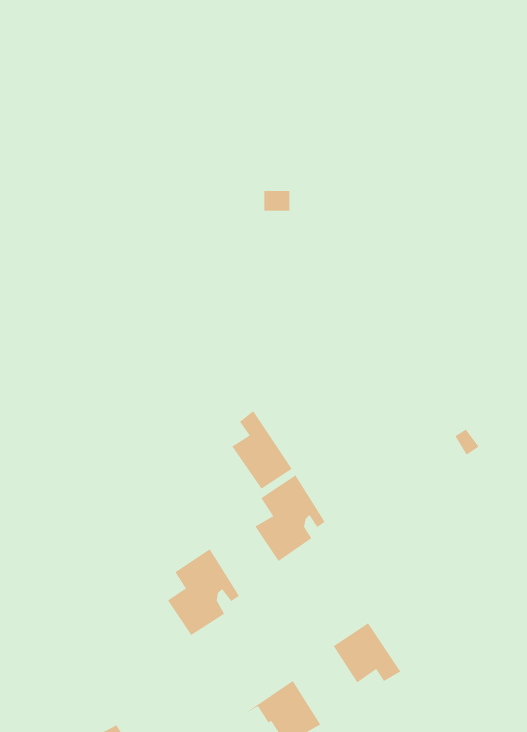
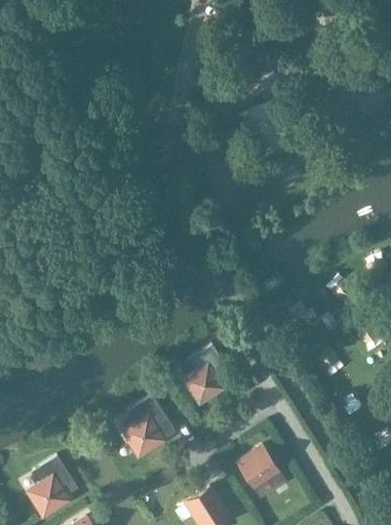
building: [232,410,292,490] -> none
building: none -> [28,456,77,516]

